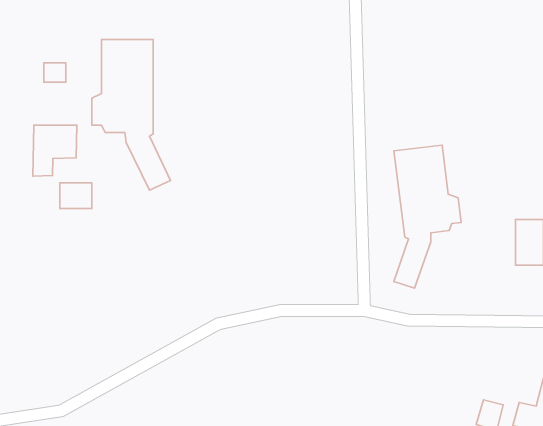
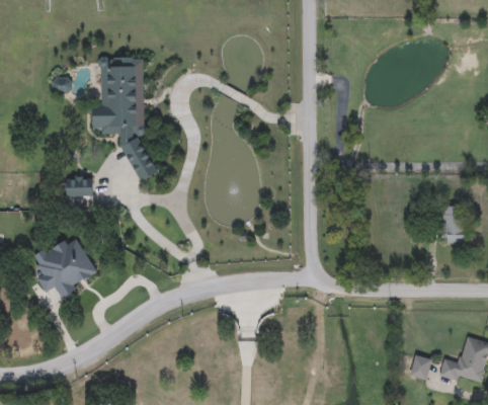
building: [33,125,77,176] -> none
building: [394,145,461,288] -> none
building: none -> [33,239,98,296]

